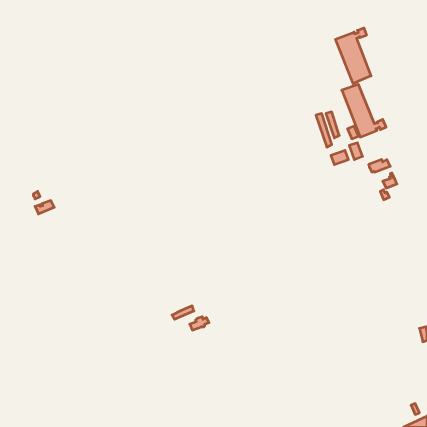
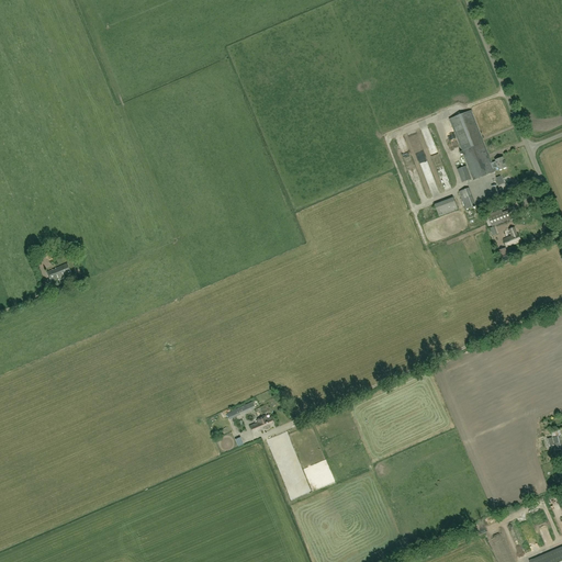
building: [336,28,371,84] -> none

